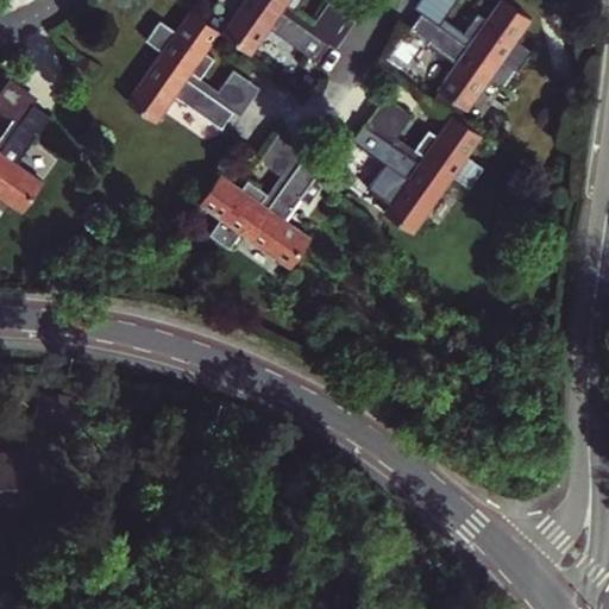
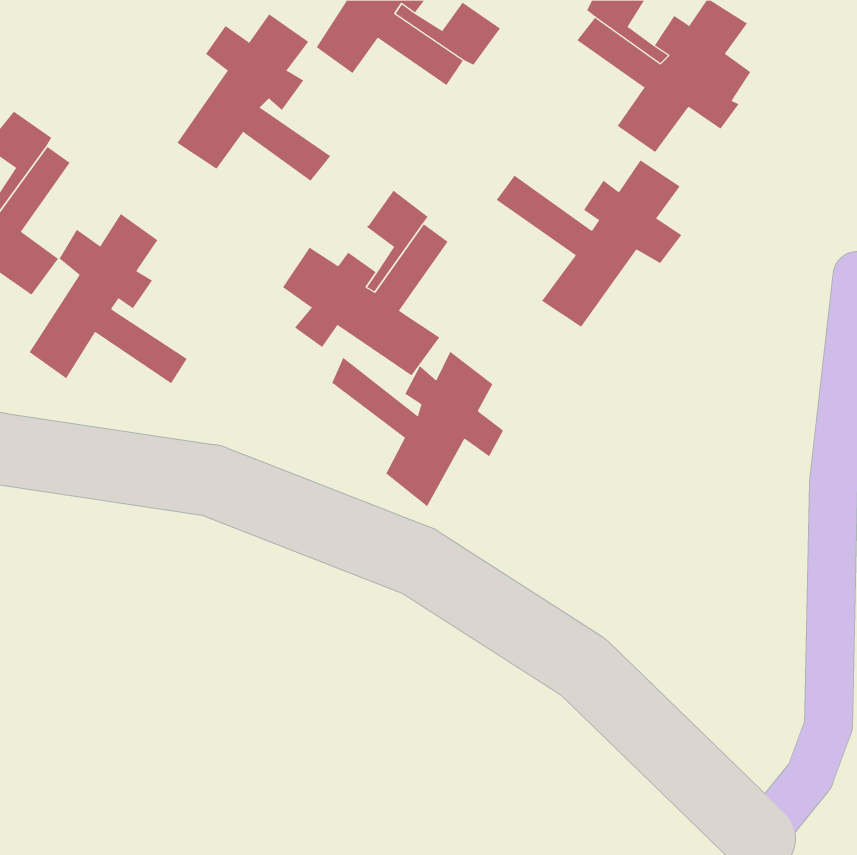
building: [184,70,260,117] -> none
building: [364,99,423,165] -> none
building: none -> [29,213,187,384]
building: none -> [331,351,504,507]

